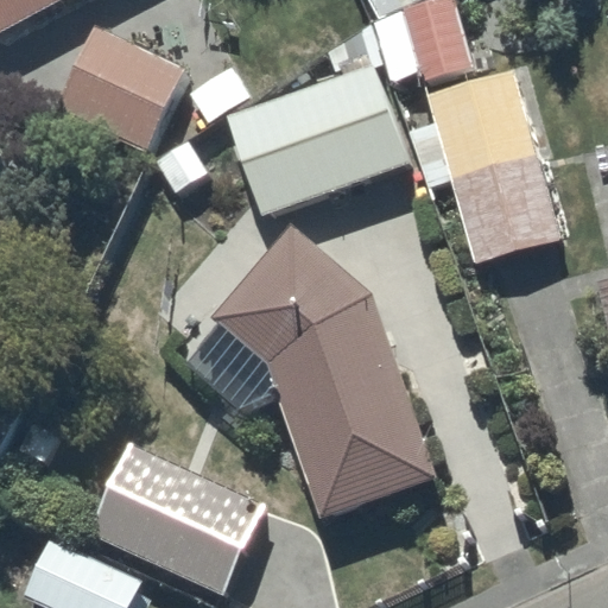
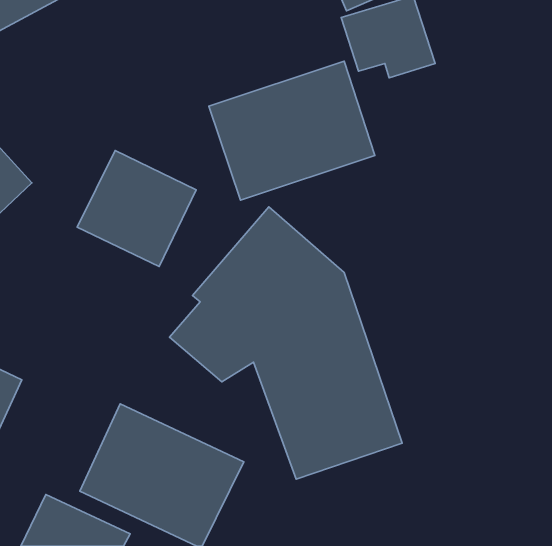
building: [52,27,182,153] -> [77,150,196,266]
building: [425,65,562,261] -> none

